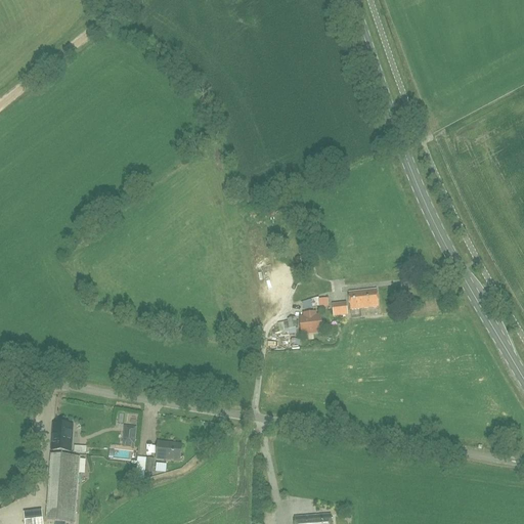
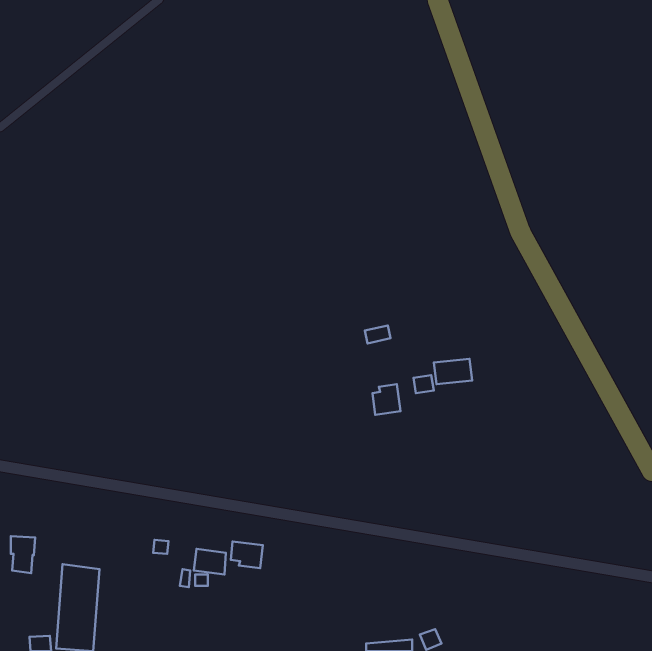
building: [52,423,72,452] -> [11,536,35,573]
building: none -> [231,541,263,568]

